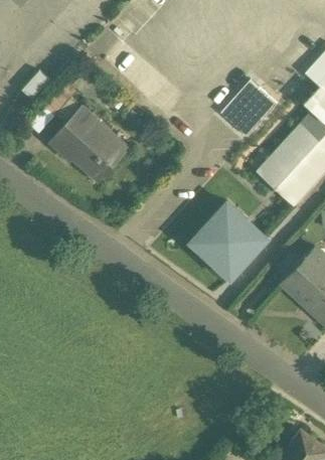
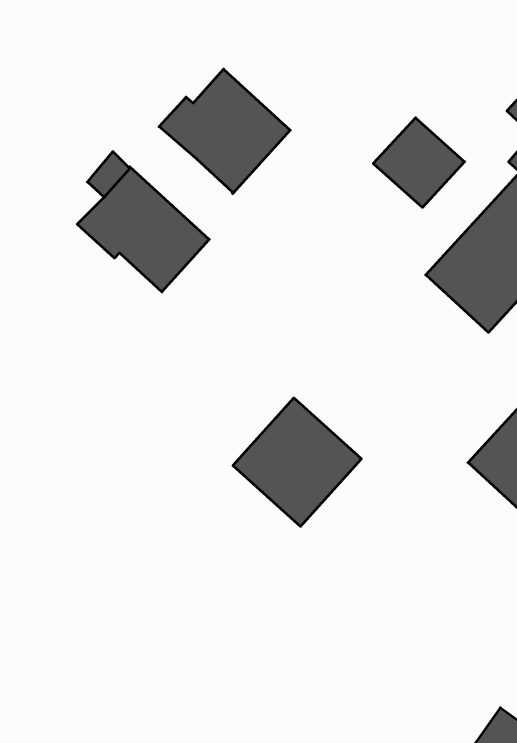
building: none -> [159,69,290,194]
building: [190,202,267,279] -> [233,398,361,526]

